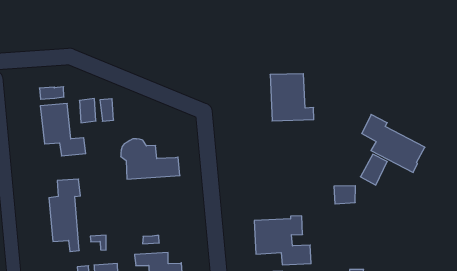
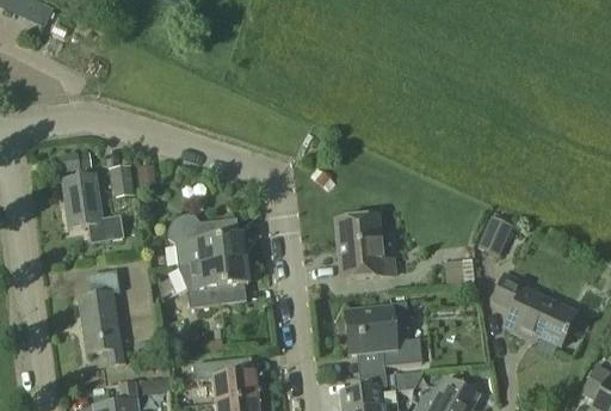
building: [270,74,314,121] -> [335,215,395,278]
building: [362,114,425,172] -> [493,274,575,345]
building: none -> [178,258,248,307]

